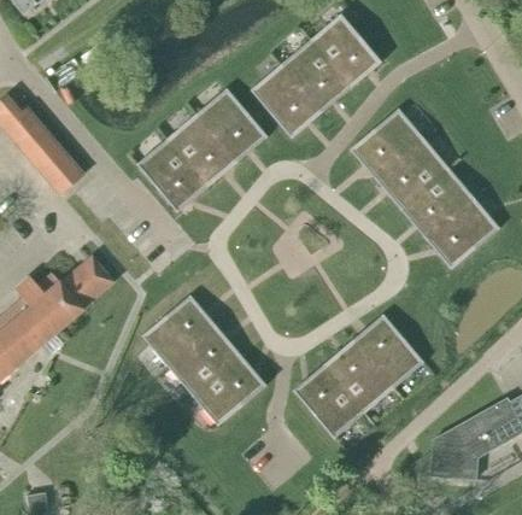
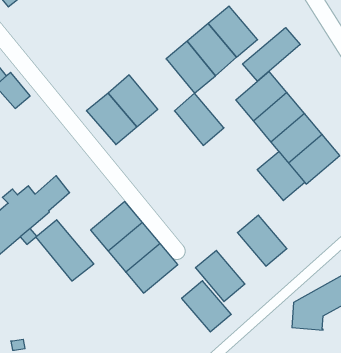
building: none -> [243,28,300,81]
building: [197,87,268,162] -> [174,93,224,145]
building: [33,142,82,193] -> none
building: none -> [257,152,305,201]
building: none -> [36,220,94,281]
building: [322,339,393,412] -> [182,281,231,332]

